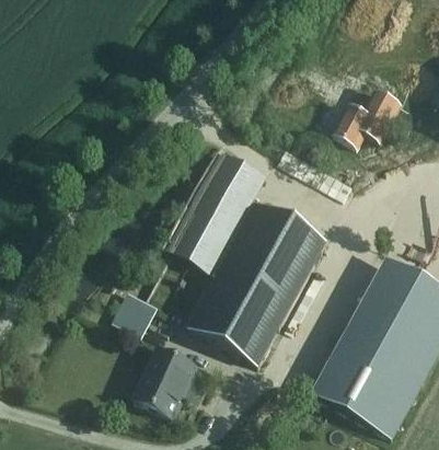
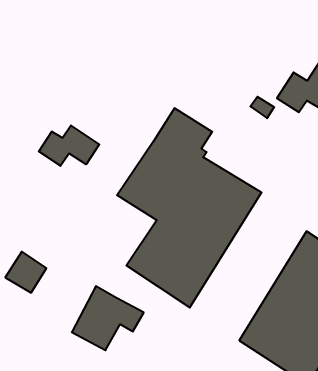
building: none -> [39,125,99,166]
building: [114,292,157,335] -> [5,252,46,293]

